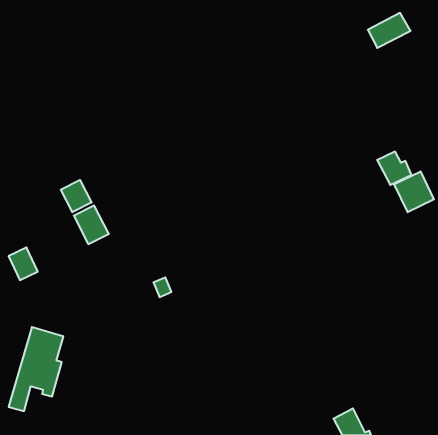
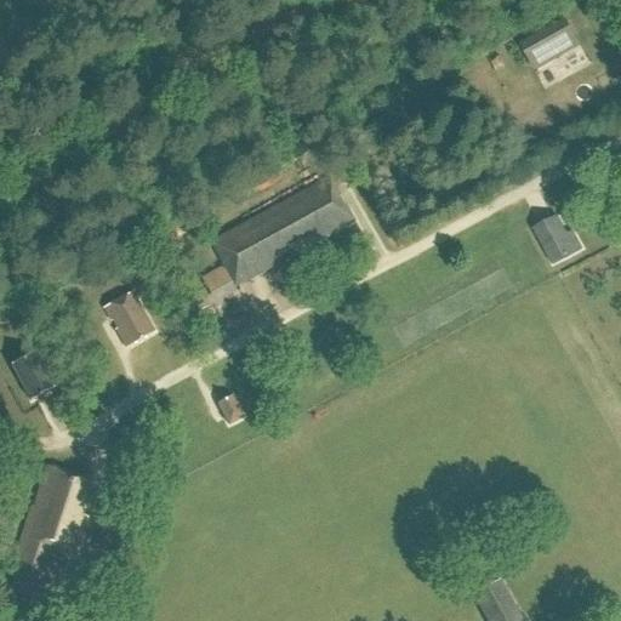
building: none -> [211,175,354,286]
building: [394,171,434,212] -> none
building: [61,180,92,212] -> none

